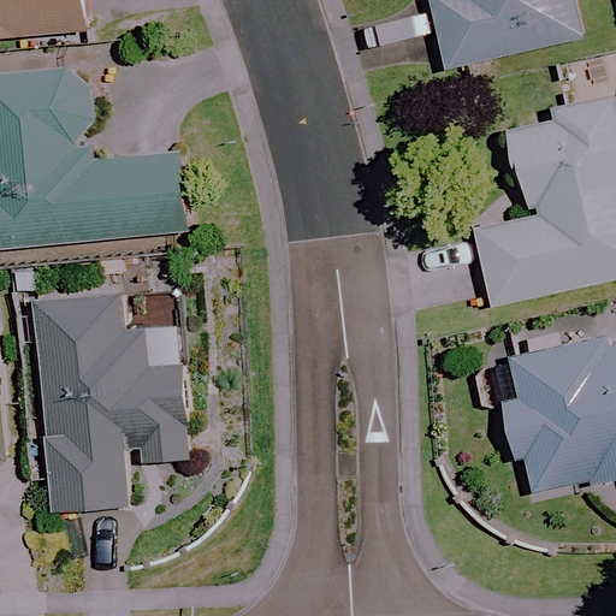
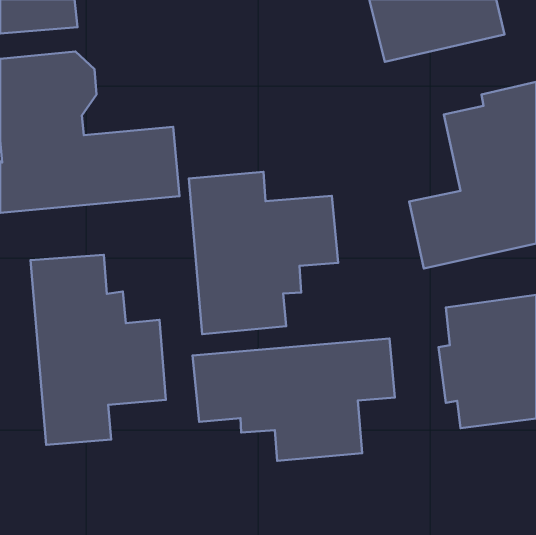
building: none -> [189,172,338,334]
building: none -> [192,339,395,461]

